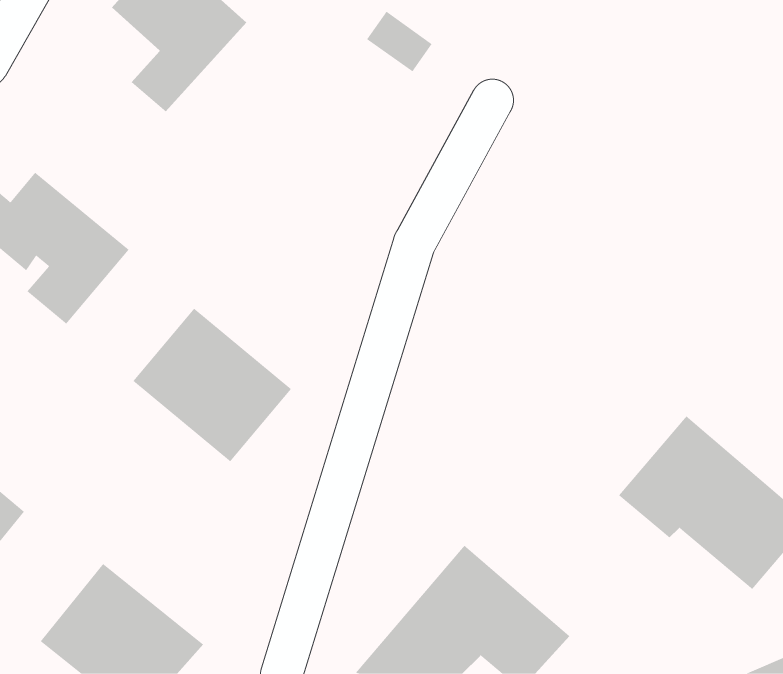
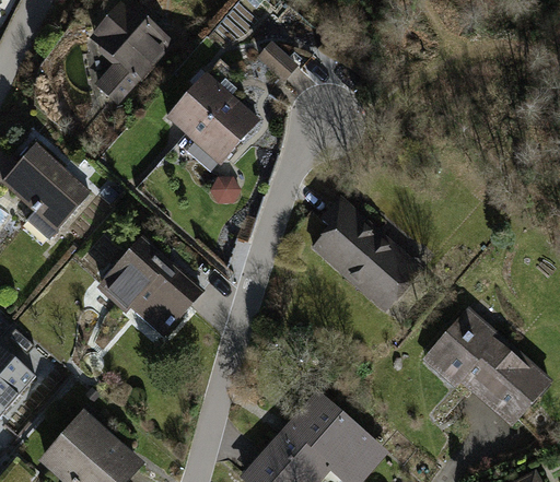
building: none -> [163,72,261,167]
building: none -> [304,200,420,310]

